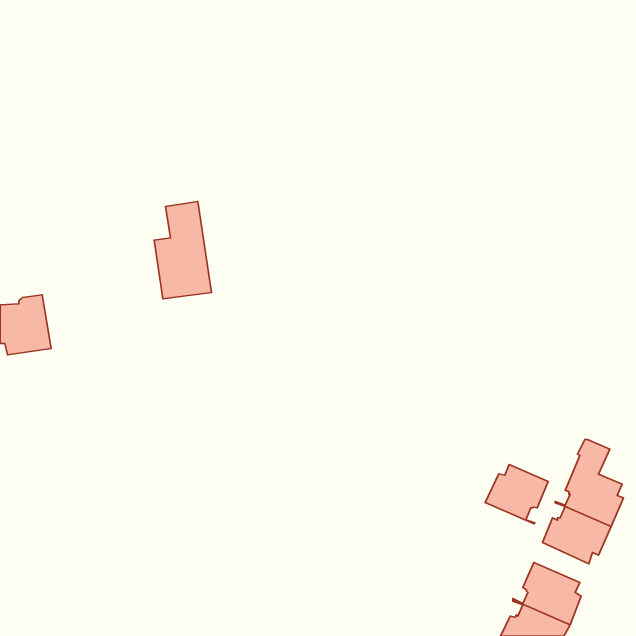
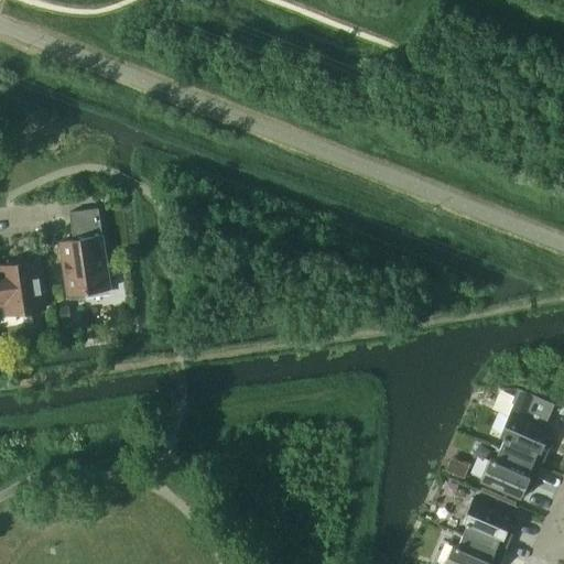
building: [154,202,212,299] -> [59,208,110,294]
building: [485,465,548,524] -> none

